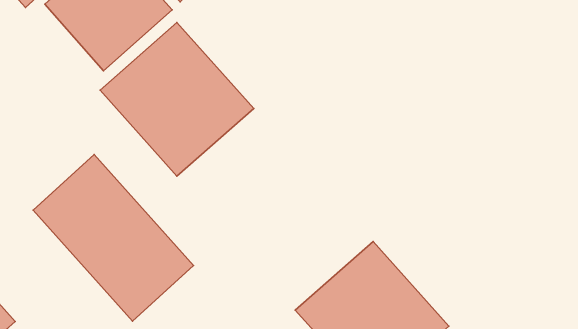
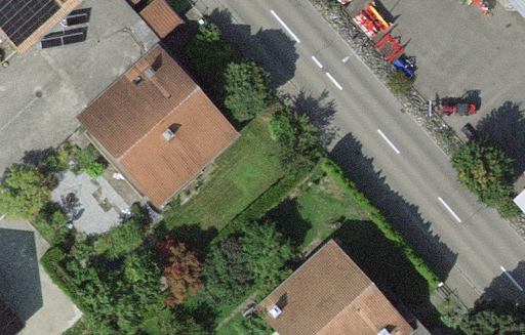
building: [33,154,194,321] -> none

